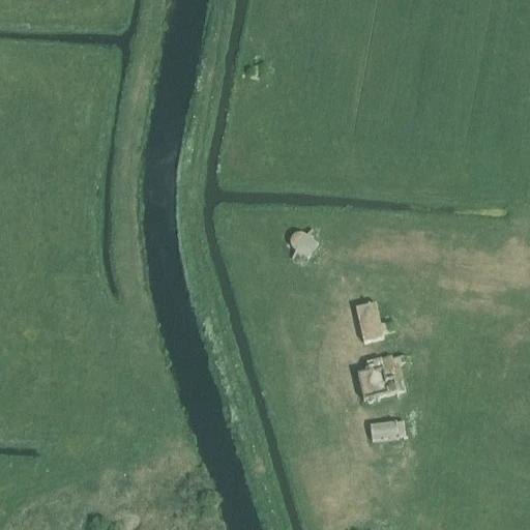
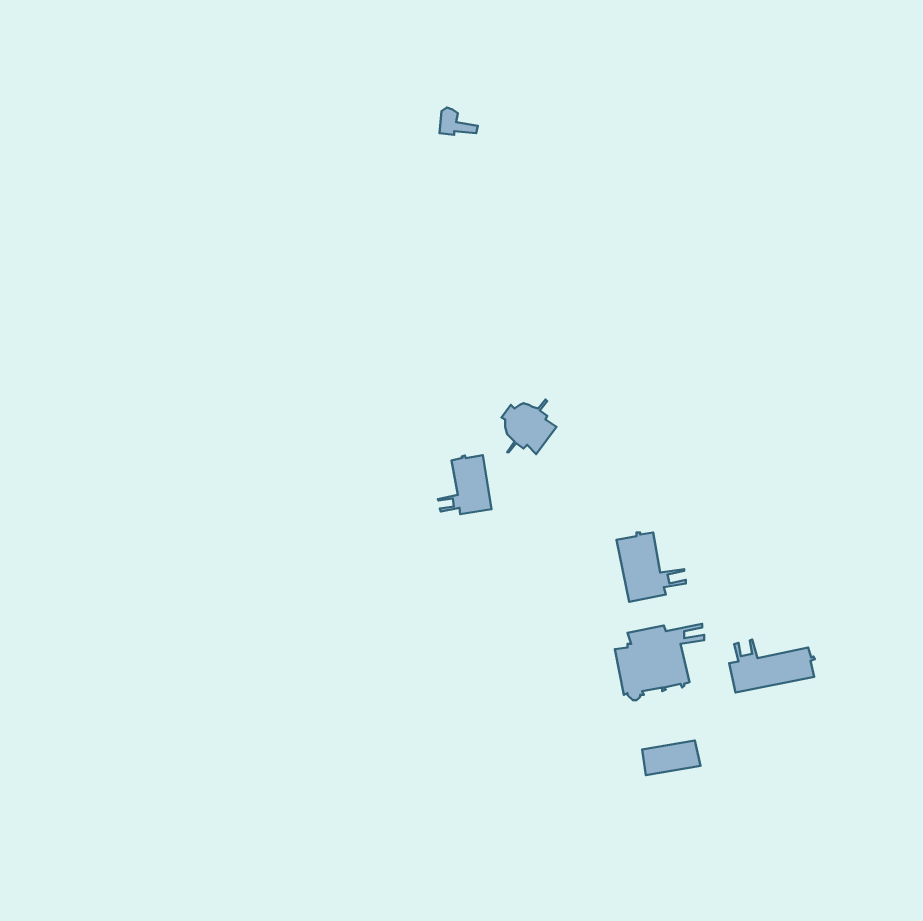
building: none -> [438,455,491,514]
building: none -> [729,640,815,693]

